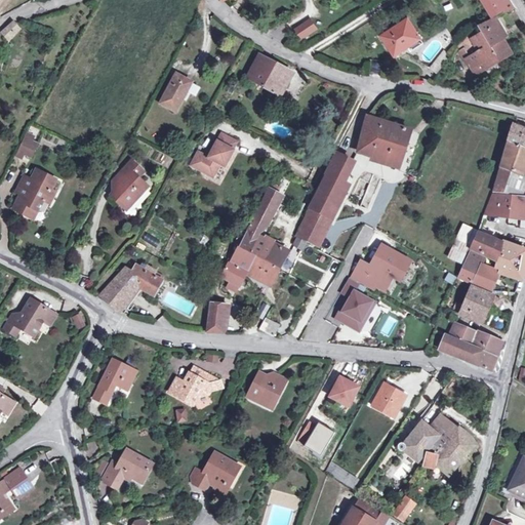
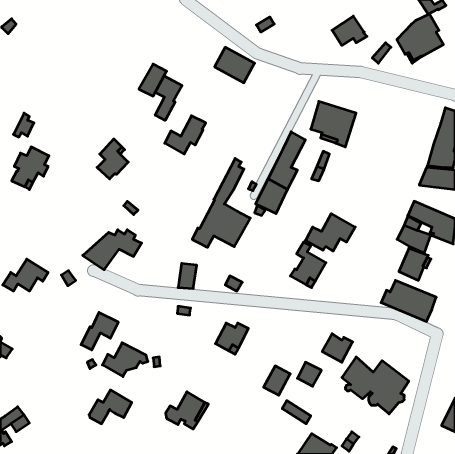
building: none -> [155,76,182,120]
building: [169,365,221,404] -> [102,343,148,377]
building: [330,377,358,405] -> [297,362,321,386]

